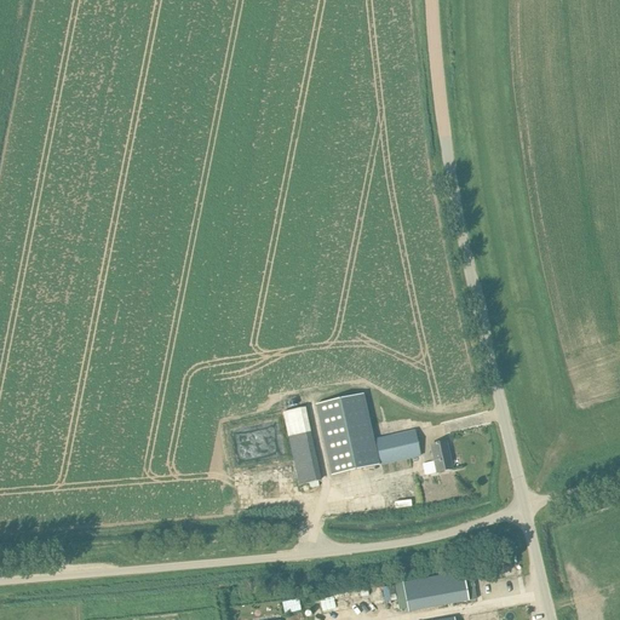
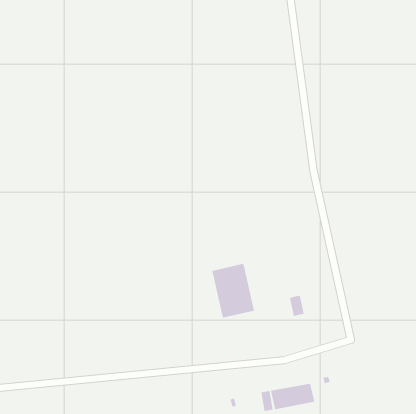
building: [285,404,320,483] -> none
building: [374,429,420,463] -> none

